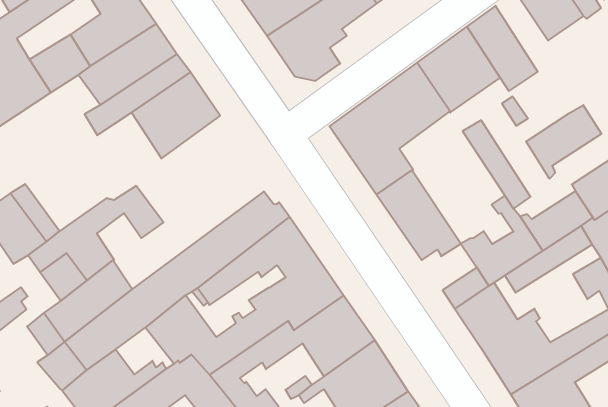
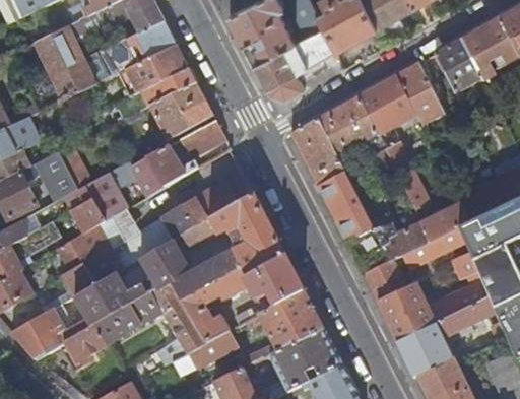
building: [526,105,601,179] -> none
building: none -> [180,121,224,157]
building: none -> [147,146,197,187]

